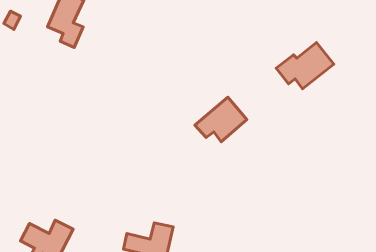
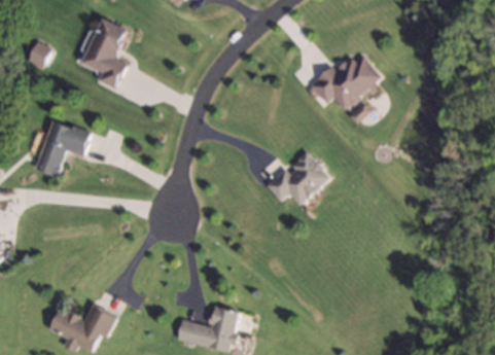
building: [276,43,334,89] -> [309,51,381,109]
building: none -> [35,119,90,176]

